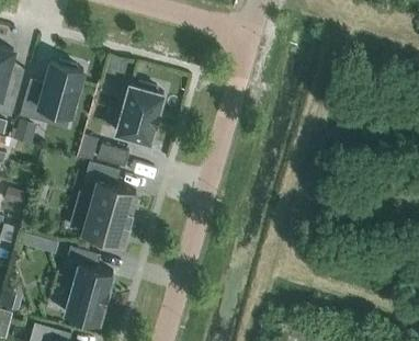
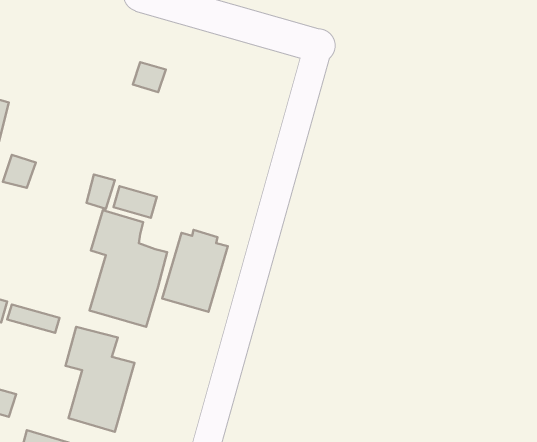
building: [20,64,82,125] -> none
building: [115,84,163,145] -> [162,230,228,312]

